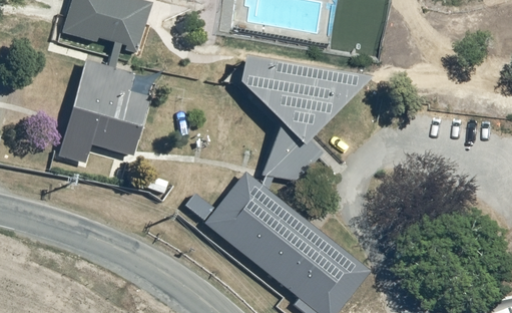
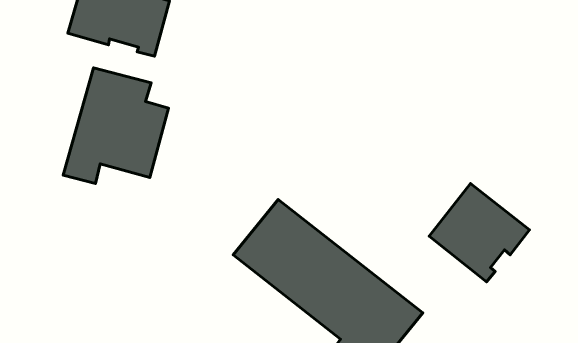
building: [239,55,371,180] -> none
building: none -> [429,183,530,282]

